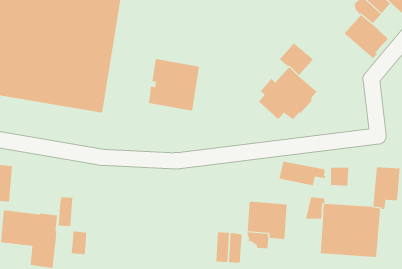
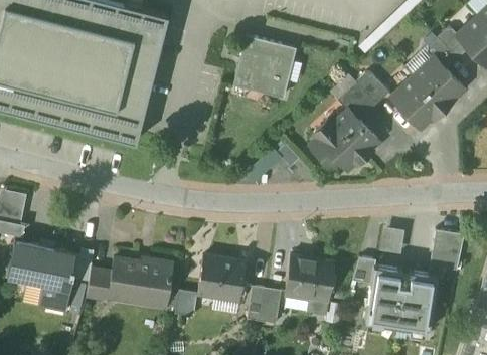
building: none -> [356,73,389,104]
building: none -> [394,77,444,127]
building: [148,59,200,111] -> [234,35,296,98]
building: [279,161,326,186] -> none
building: none -> [175,256,246,318]
building: none -> [110,257,173,307]

